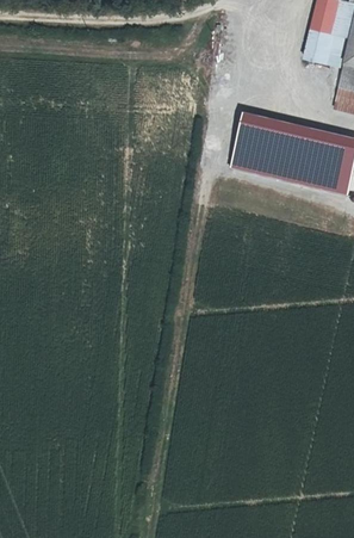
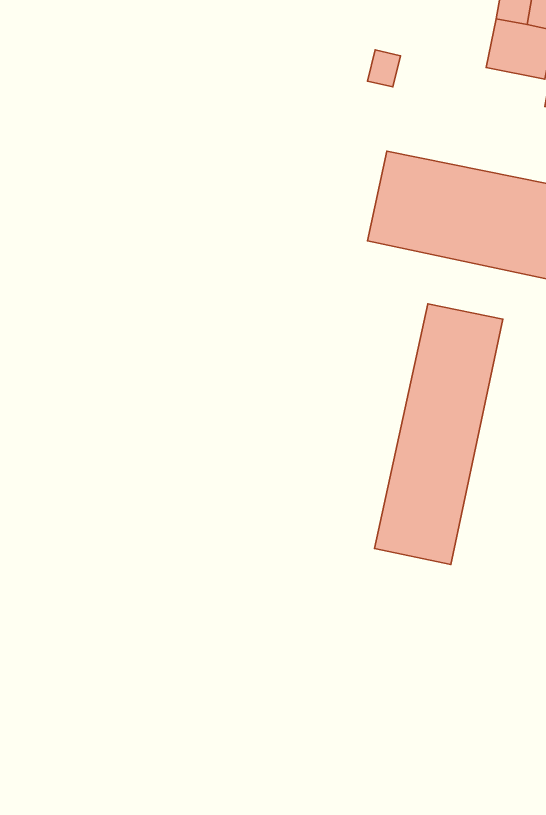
building: none -> [374,304,503,565]

